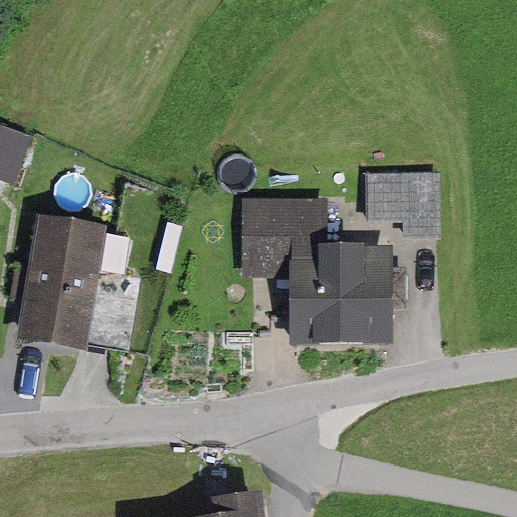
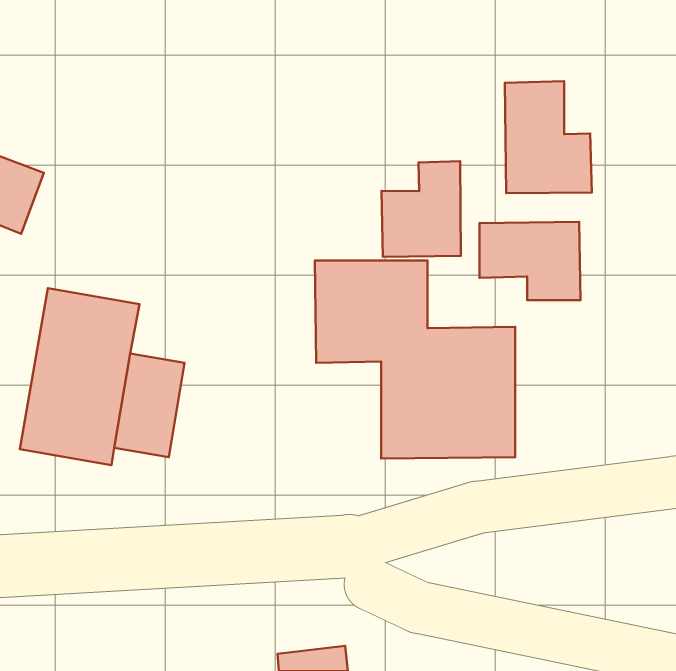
building: none -> [505,81,592,193]
building: none -> [382,161,461,257]

